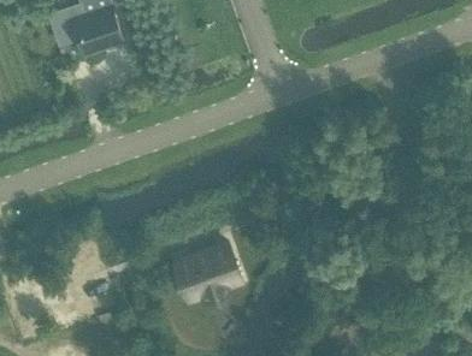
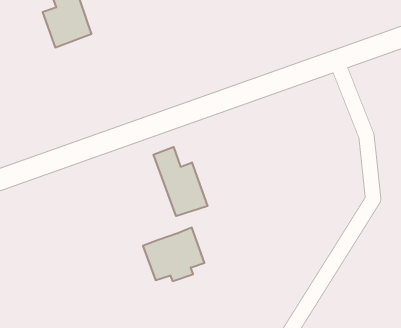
building: none -> [153,147,208,216]

